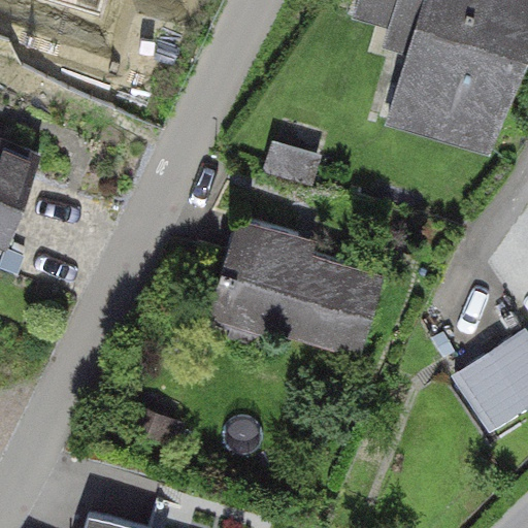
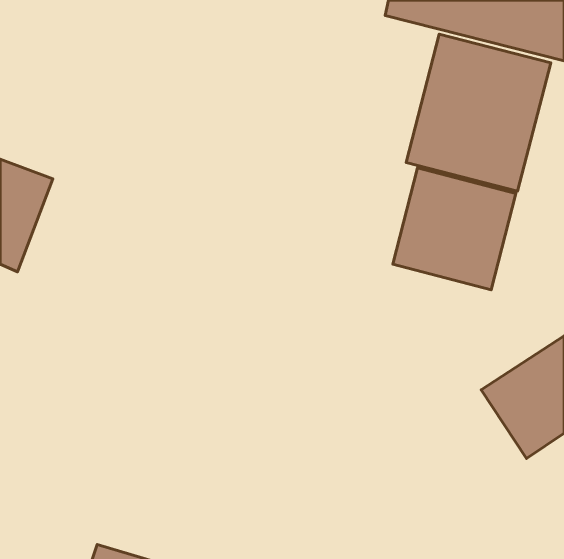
building: none -> [393,168,516,290]
building: [201,211,389,357] -> none

